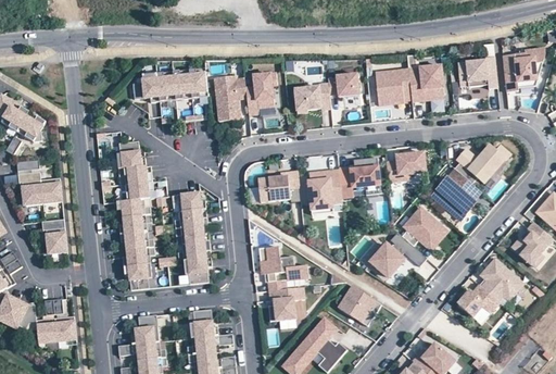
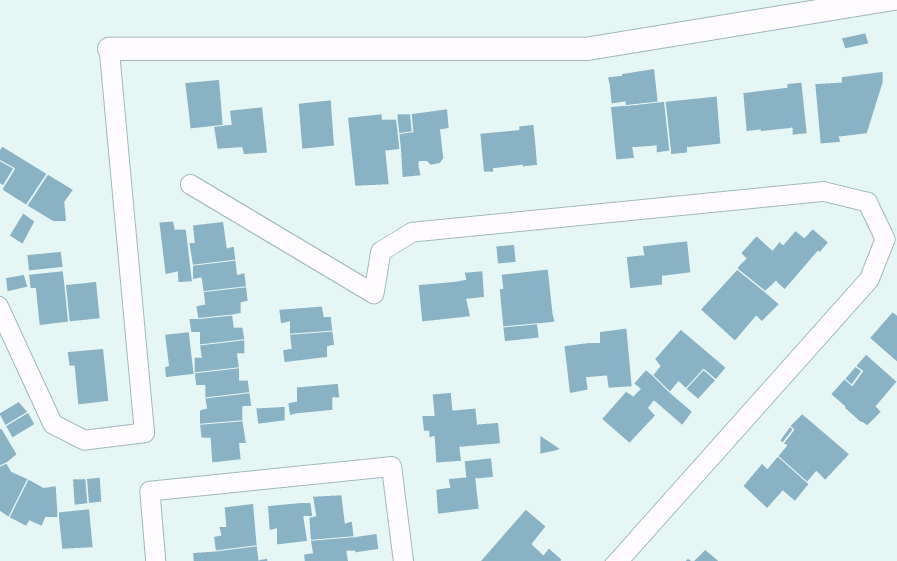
building: [162,67,186,98] -> [185,79,223,129]
building: [328,71,359,93] -> [607,68,658,105]
building: none -> [159,221,192,283]
building: [338,158,380,198] -> [564,328,633,393]
building: none -> [164,332,194,378]
building: [175,224,208,242] -> none
building: [184,257,212,283] -> [267,502,313,545]
building: [339,285,381,325] -> none
building: [55,315,76,341] -> none

